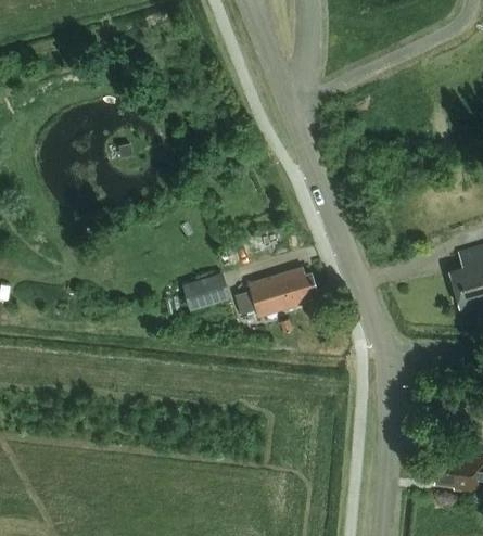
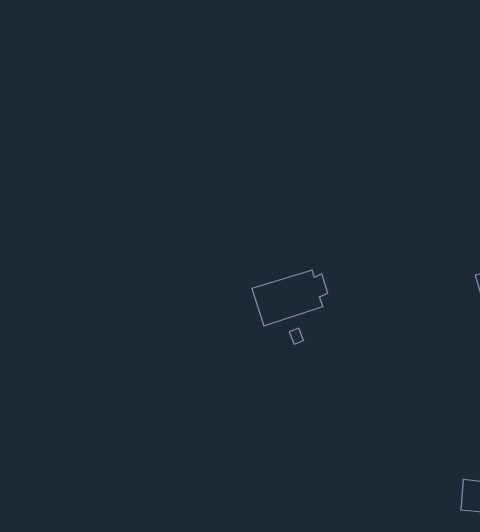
building: [183,273,231,312] -> none

